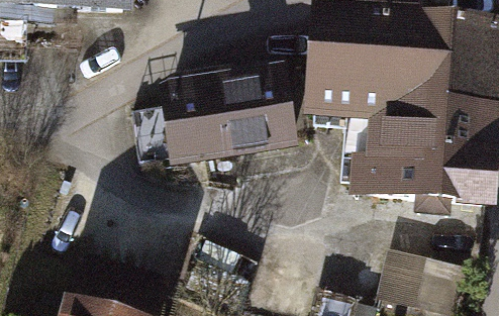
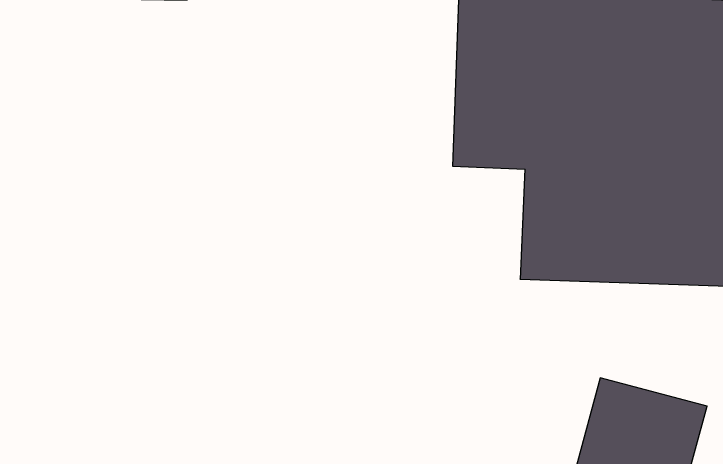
building: [156,58,296,161] -> none

